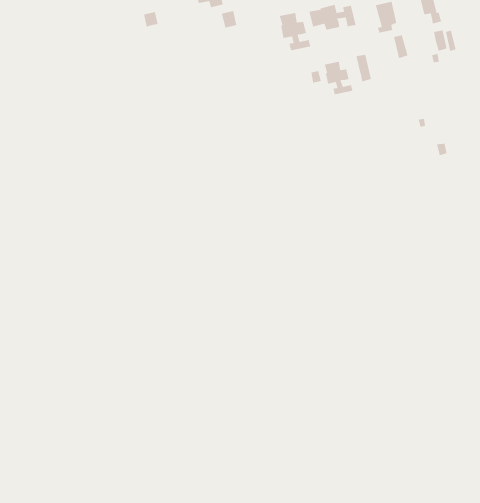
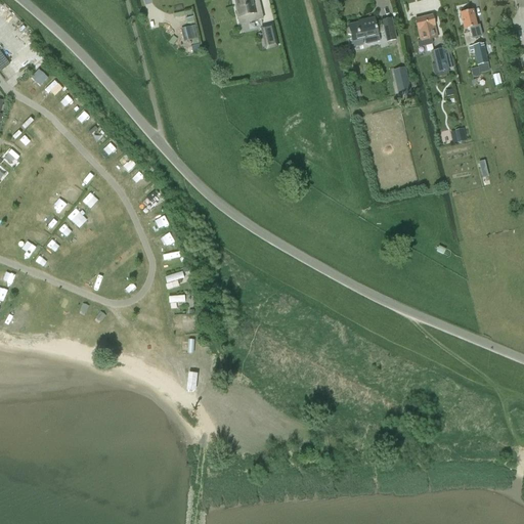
building: [279,12,311,51] -> none
building: [324,61,354,95] -> none

